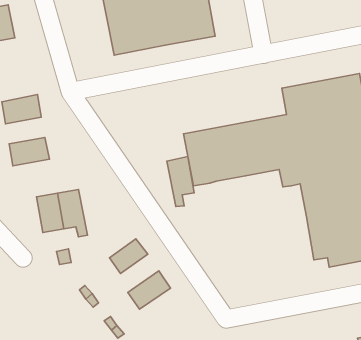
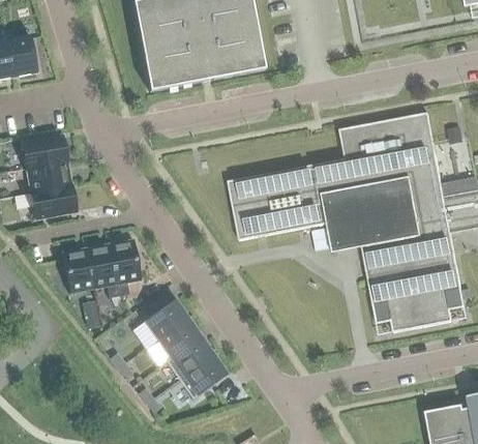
building: none -> [26,161,70,191]
building: [167,156,194,207] -> [109,238,140,295]
building: none -> [156,317,200,357]
building: none -> [178,355,227,398]

